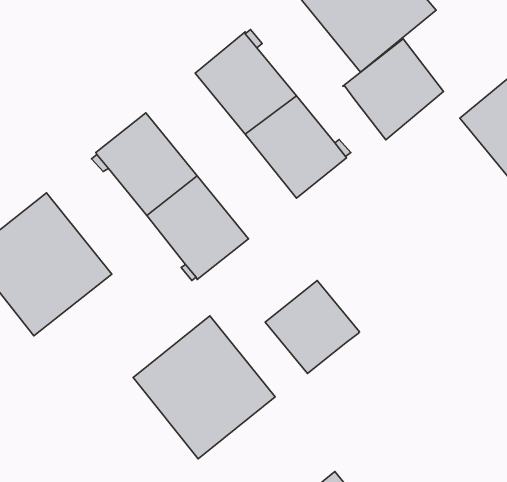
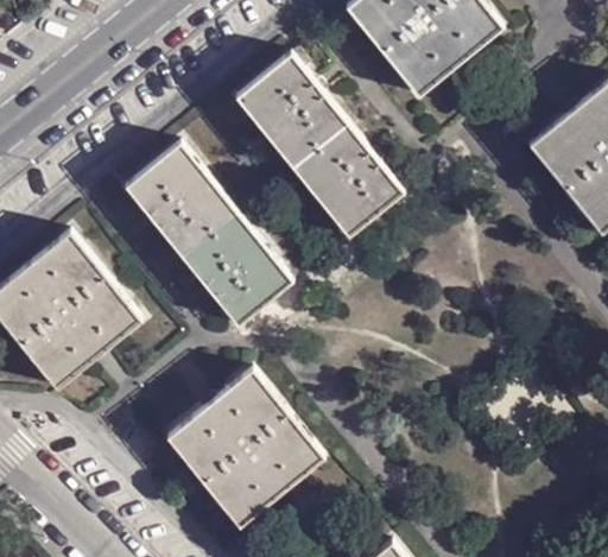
building: [343,39,444,140] -> none
building: [265,280,359,373] -> none

